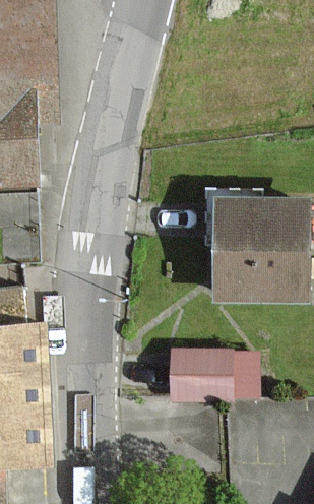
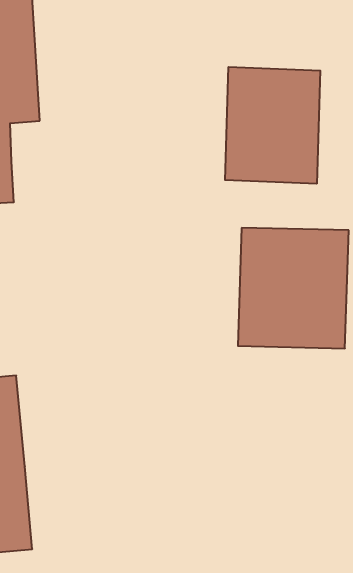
building: none -> [225,67,320,184]
building: [174,350,261,400] -> none

